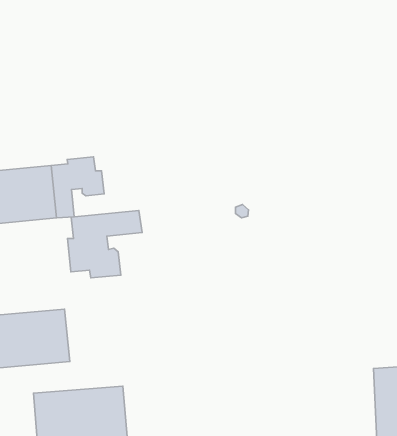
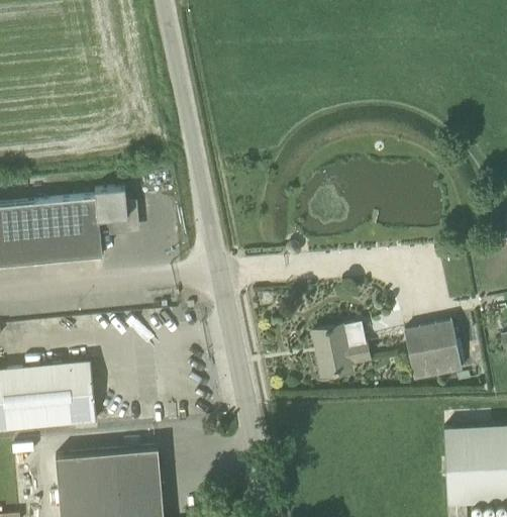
building: [68,210,142,278] -> none
building: none -> [404,320,463,380]
building: none -> [311,321,372,379]

